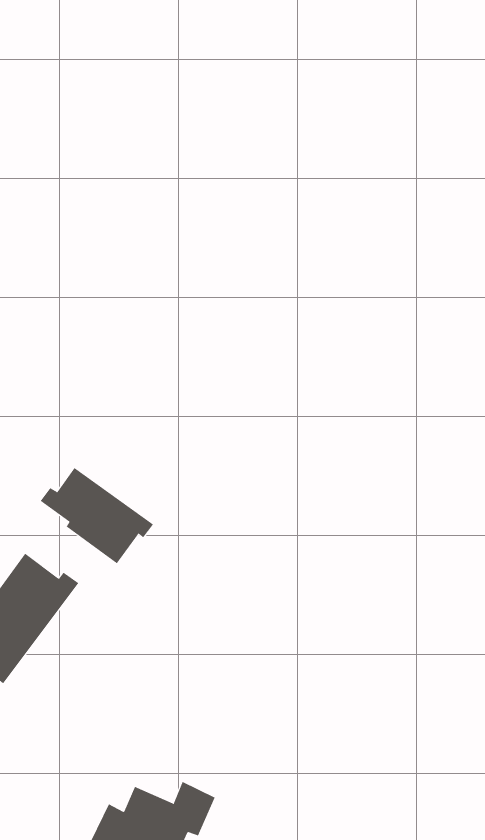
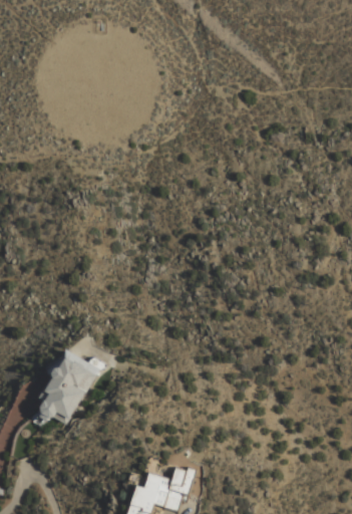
building: [40,467,154,564] -> none

